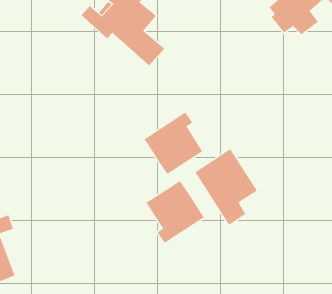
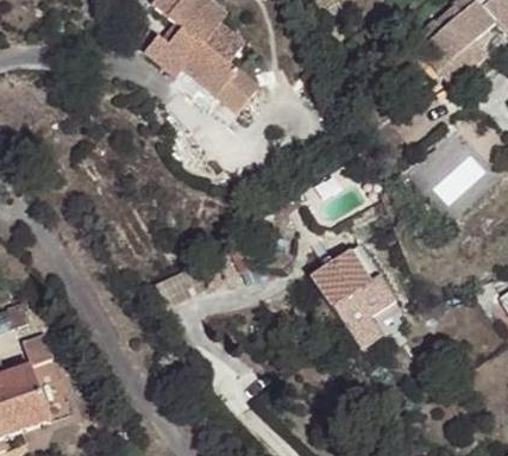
building: [143,112,203,175] -> none
building: [146,180,205,244] -> none

